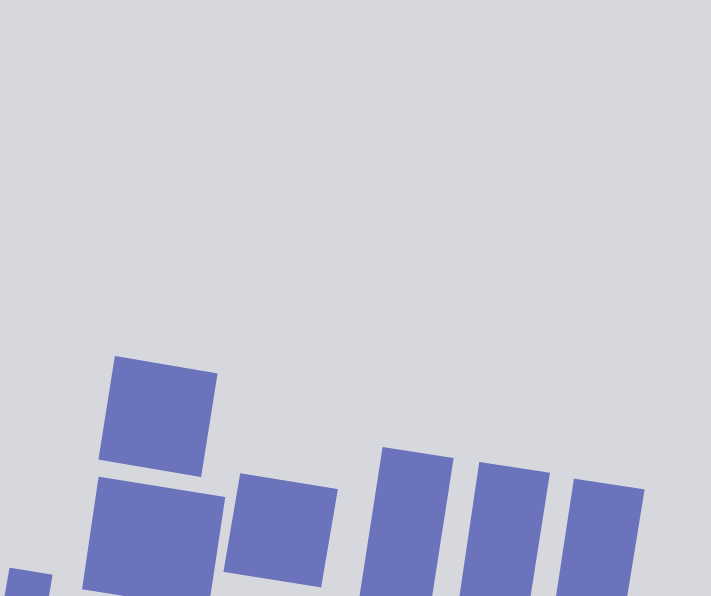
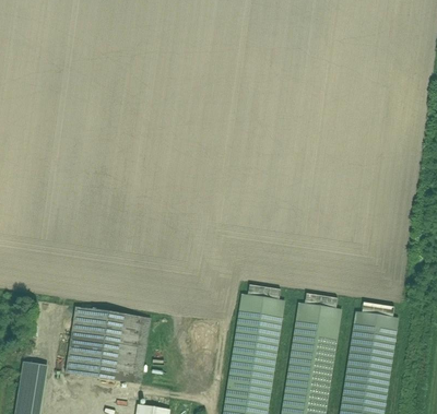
building: [98,355,218,478] -> none
building: [223,473,339,588] -> none

